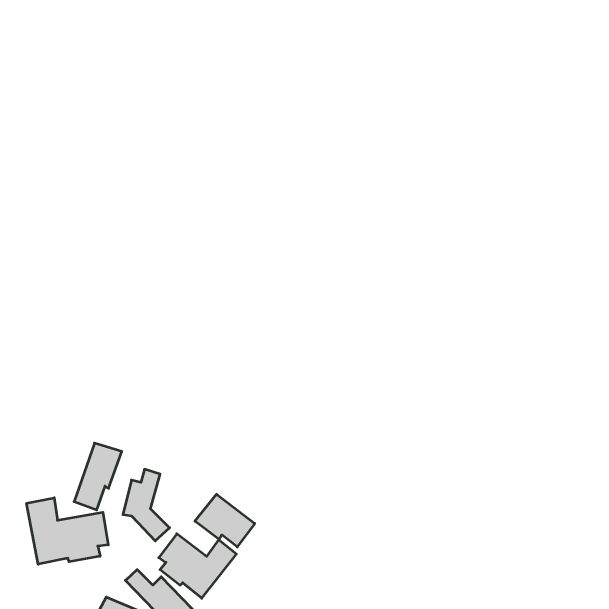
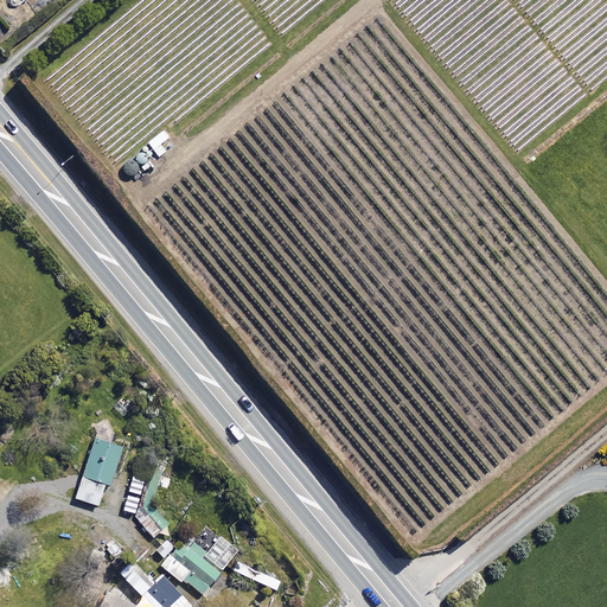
building: [195,494,255,547] -> none
building: [27,498,108,564] -> none

